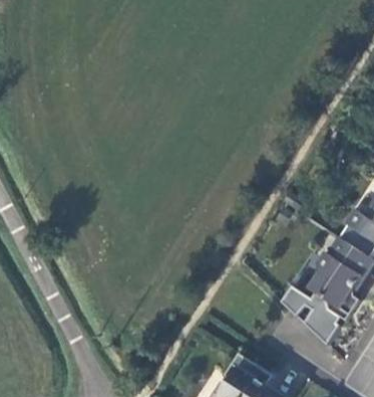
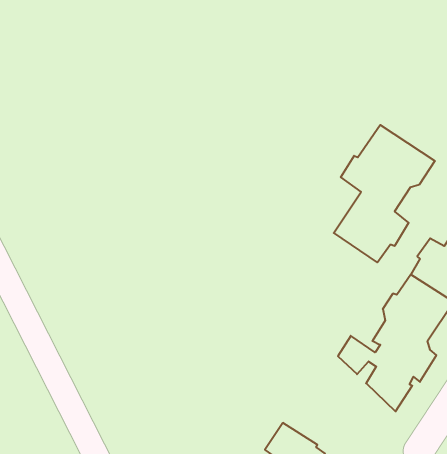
building: none -> [334,125,435,262]

